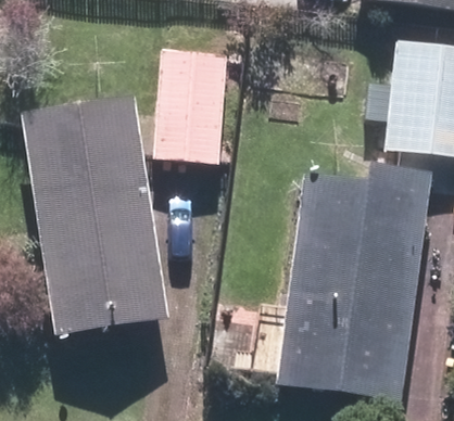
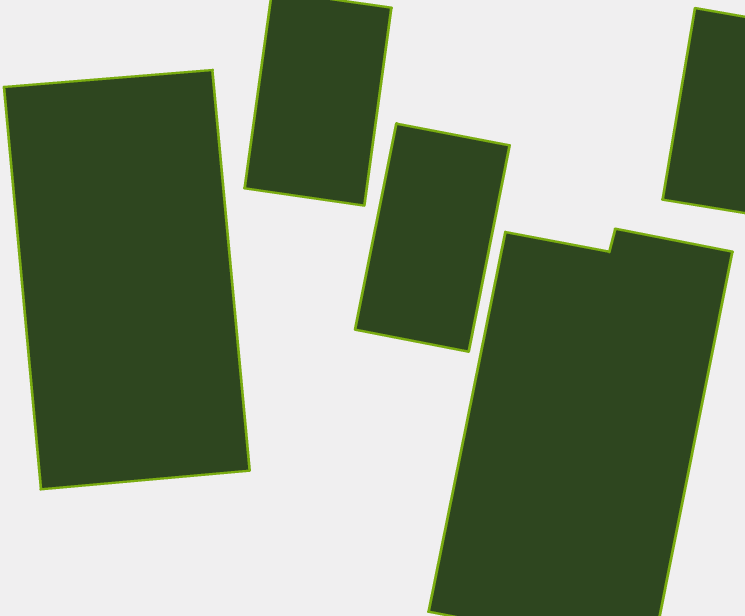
building: none -> [355,123,510,352]

